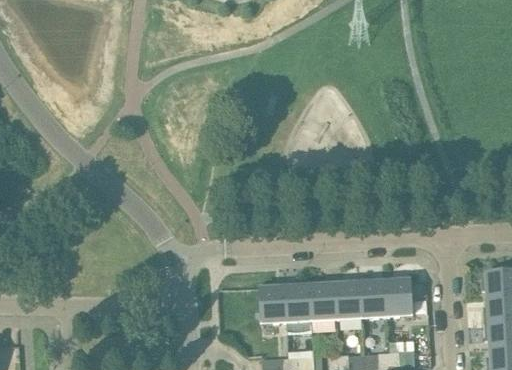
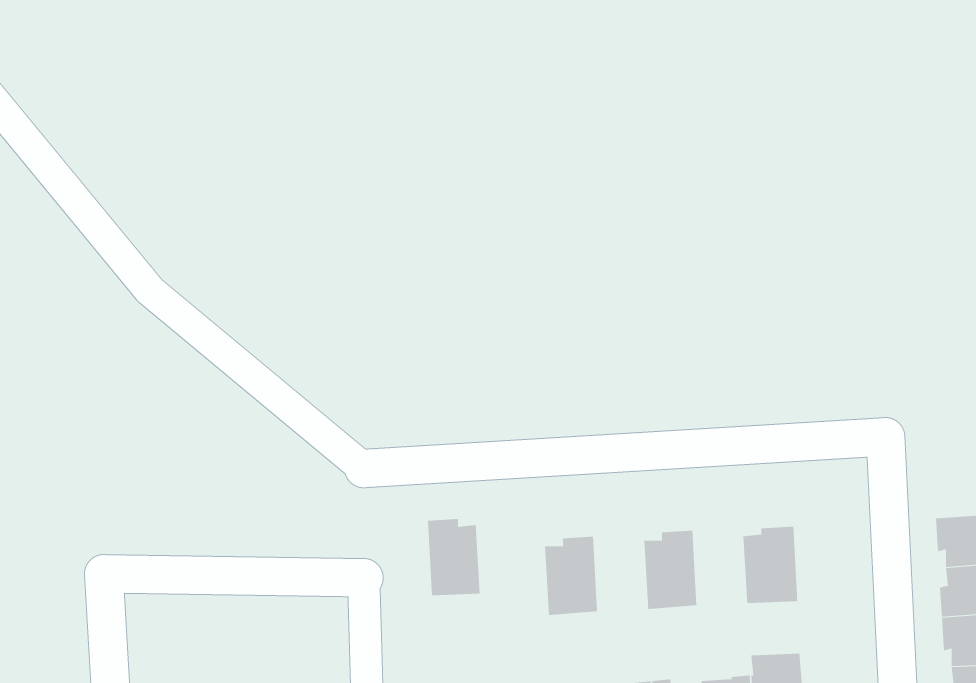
building: [360,278,387,317] -> none
building: [310,281,337,320] -> none
building: [260,284,287,323] -> [427,518,481,596]

